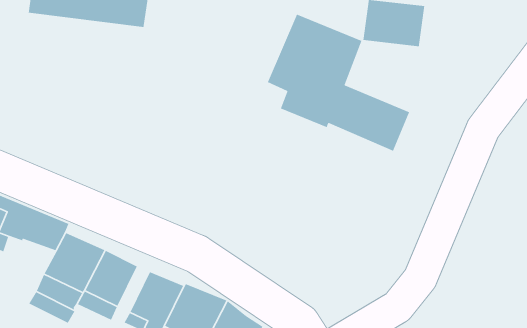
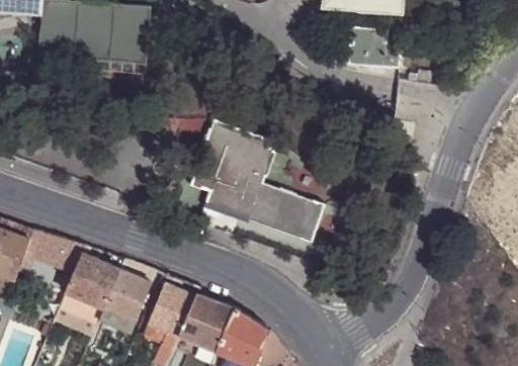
building: [267,13,410,152] -> [190,119,323,241]

